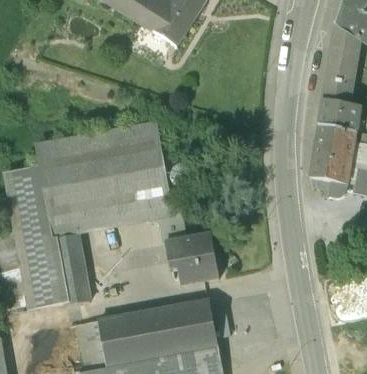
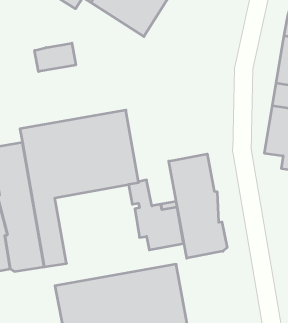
building: none -> [35,43,76,72]
building: none -> [169,154,227,258]

